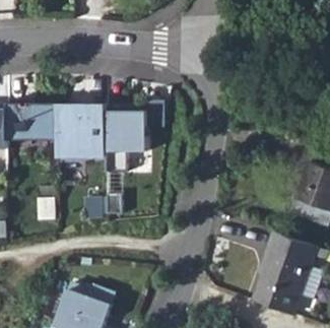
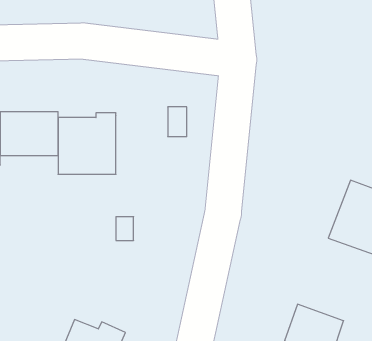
building: [106,107,147,173] -> none
building: [262,232,315,283] -> none

